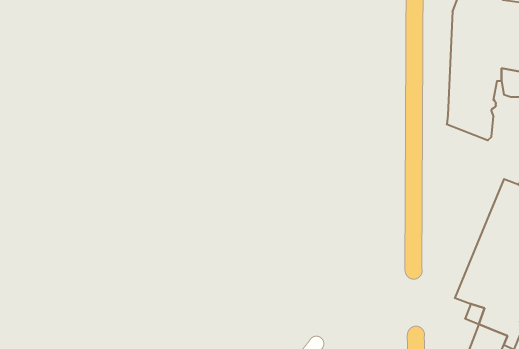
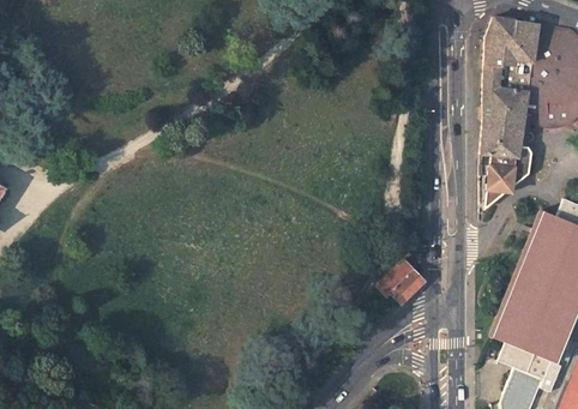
building: none -> [480,157,523,204]
building: none -> [378,259,420,300]

